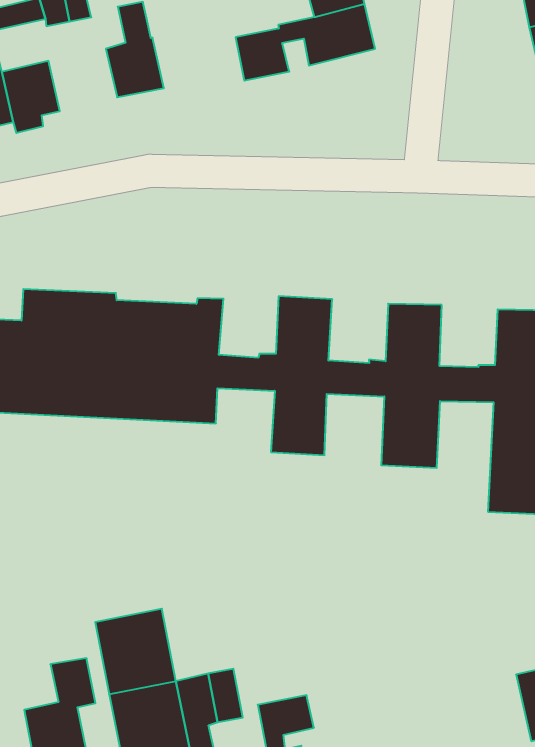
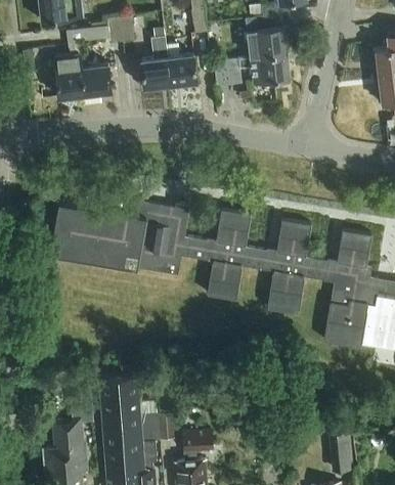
building: none -> [166,46,198,87]

